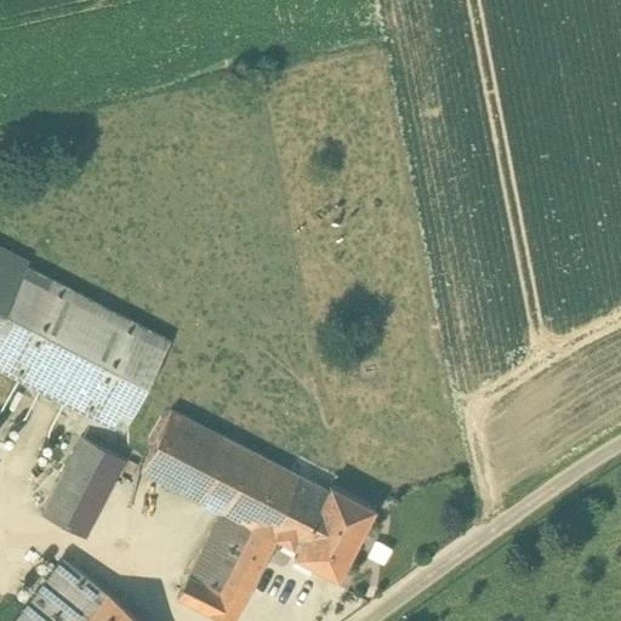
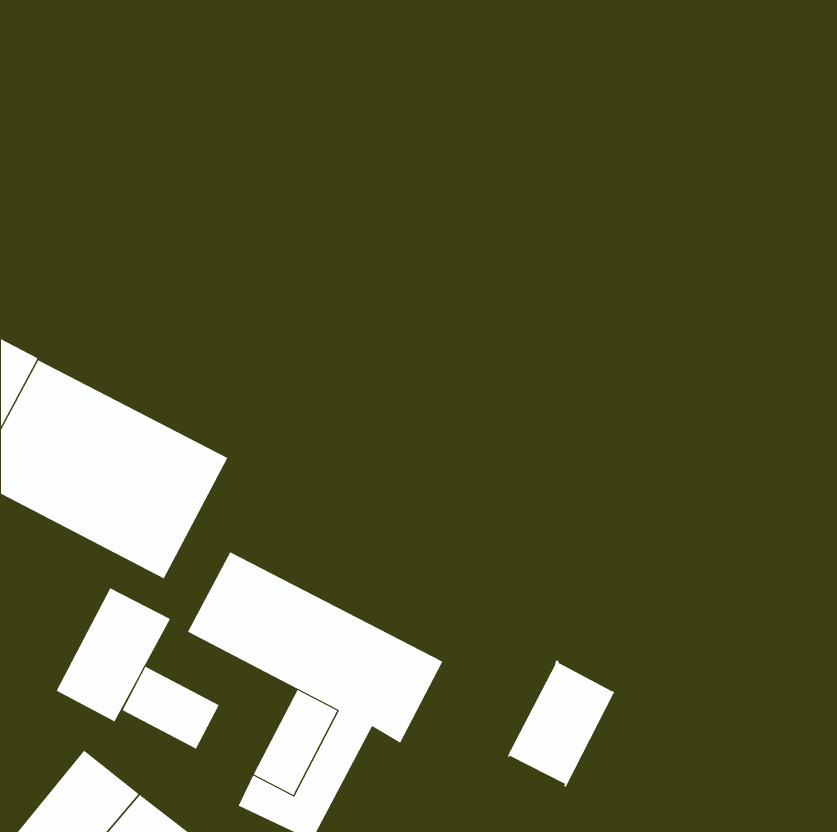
building: [295,488,375,582] -> [507,660,615,788]
building: none -> [122,666,219,749]

